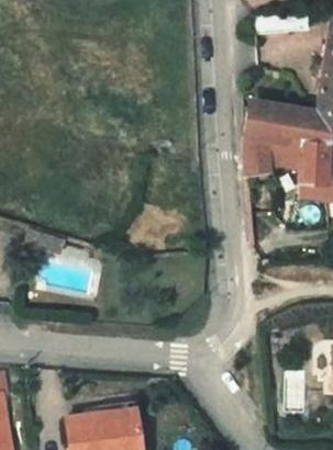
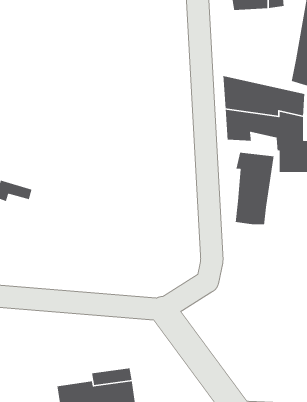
building: none -> [235,152,274,225]

